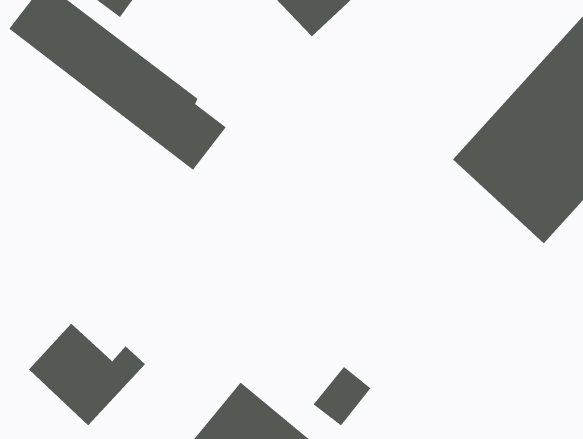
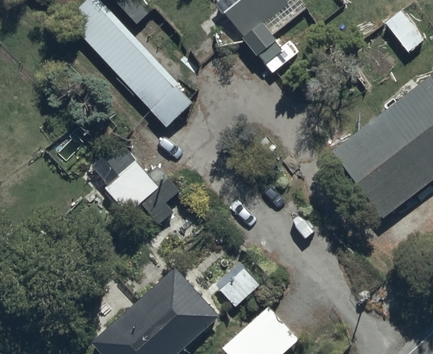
building: [28,323,146,426] -> [104,158,179,225]

